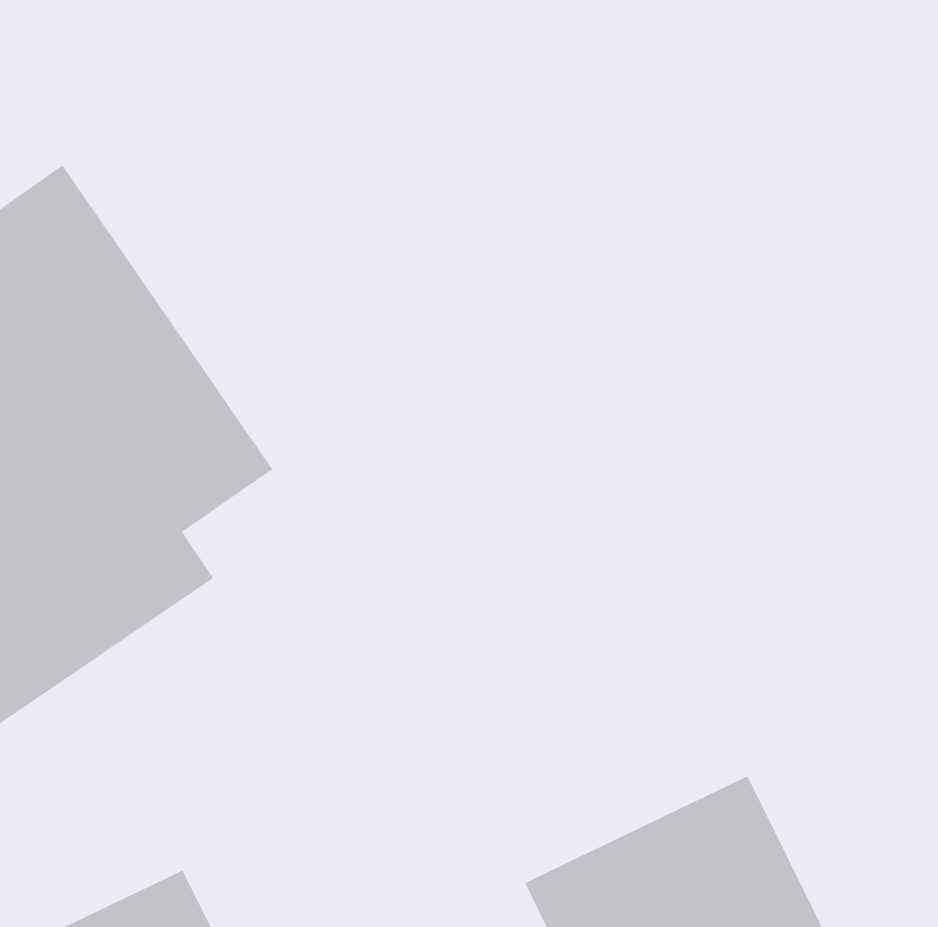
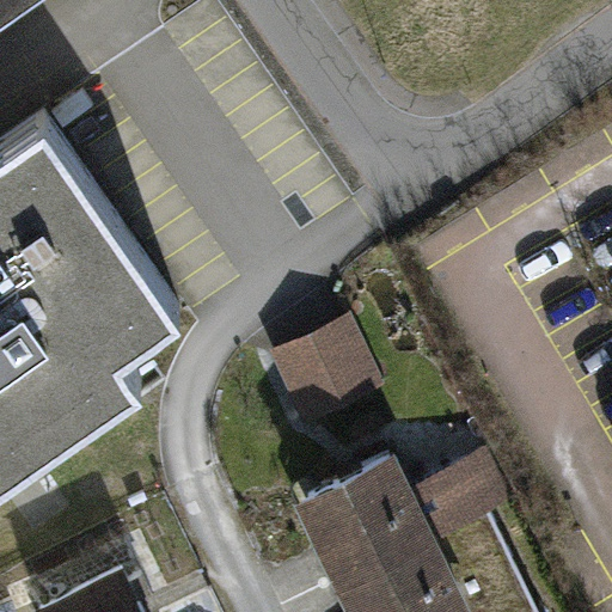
building: none -> [277,328,372,418]
building: none -> [306,457,502,582]

